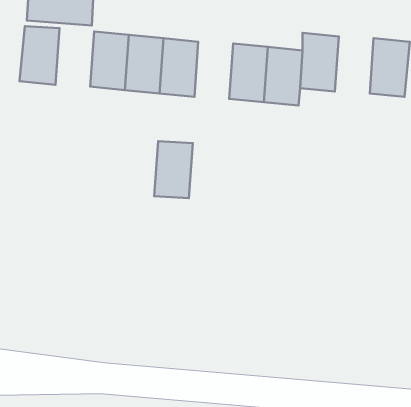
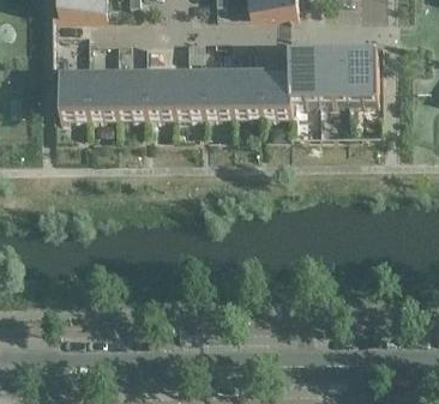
building: none -> [86,68,116,115]
building: none -> [317,52,347,98]
building: [154,141,193,198] -> [202,67,231,114]

